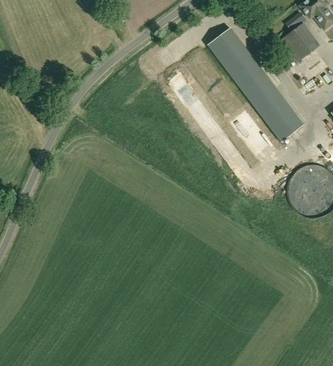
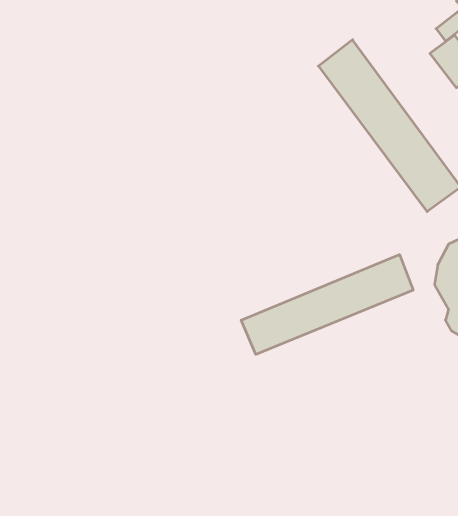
building: none -> [241,255,413,354]

